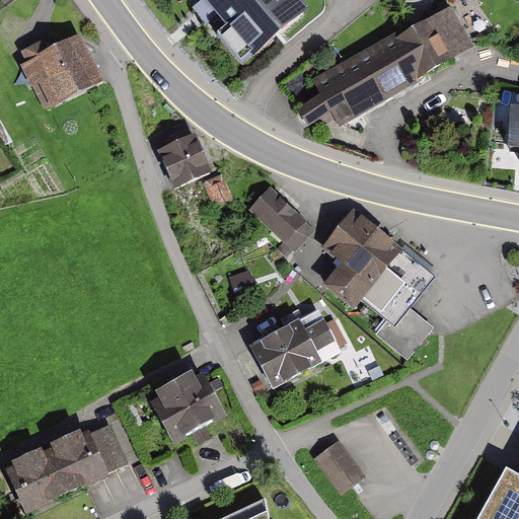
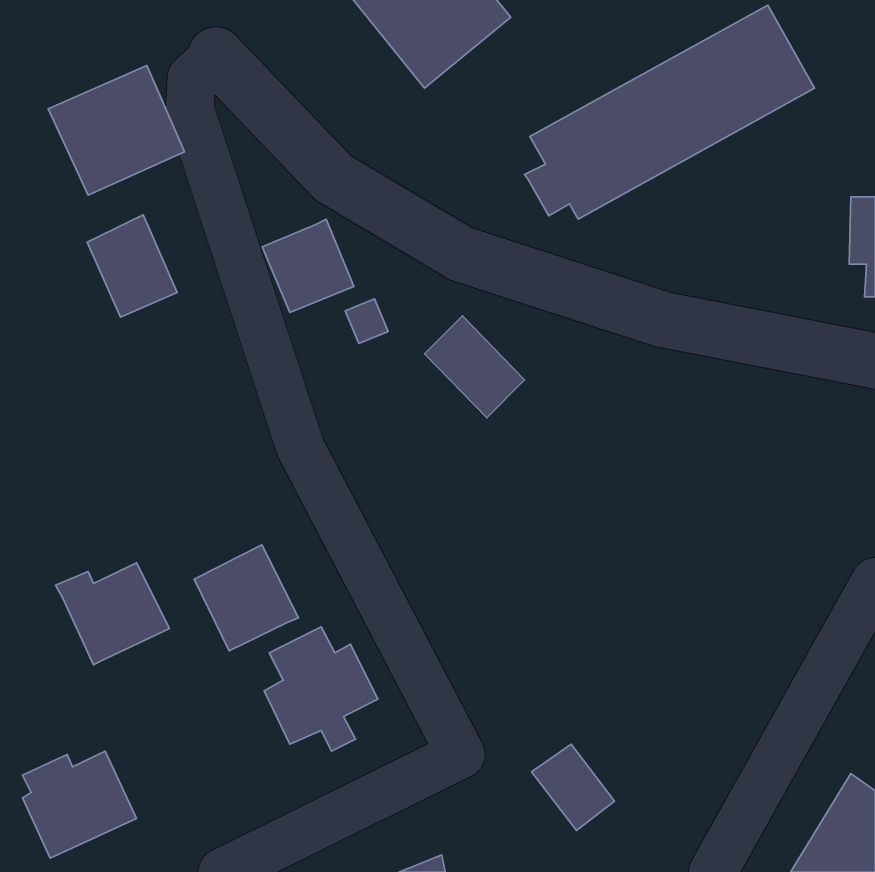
building: none -> [87,215,177,317]
building: [319,206,441,355] -> none
building: [239,317,336,399] -> none
building: none -> [194,545,298,651]
building: [58,421,125,480] -> [55,563,169,665]

